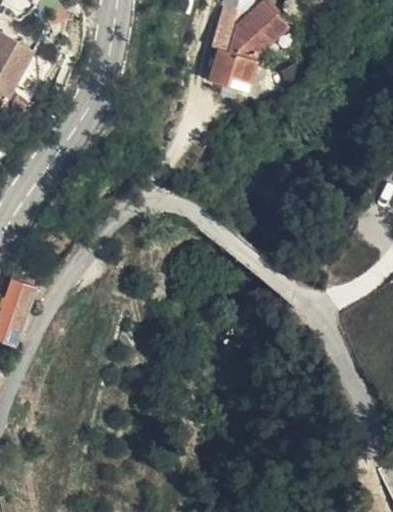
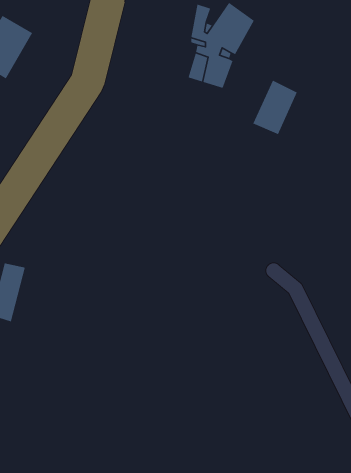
building: none -> [252,80,298,135]

